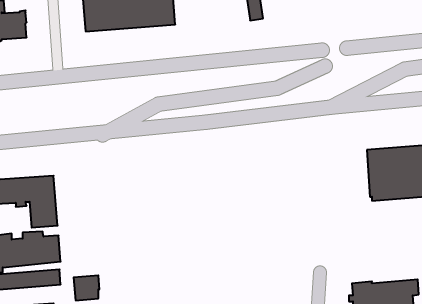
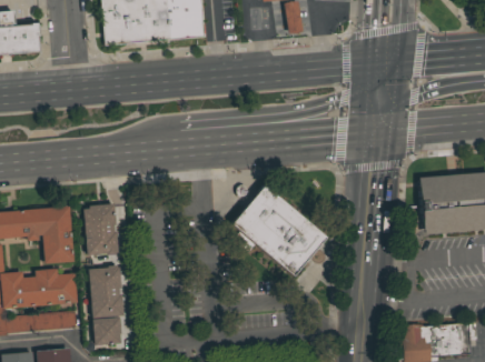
building: none -> [231,185,326,276]
building: none -> [83,203,118,255]
building: none -> [88,265,123,318]

